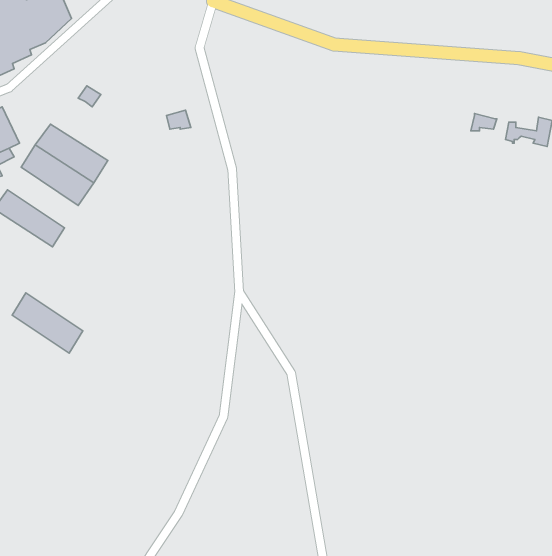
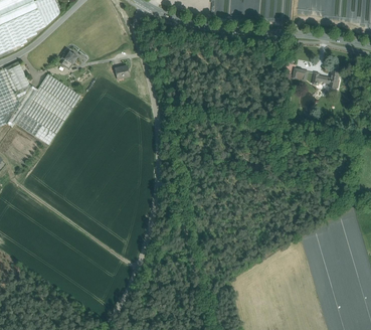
building: [12,293,83,353] -> [22,100,63,135]

